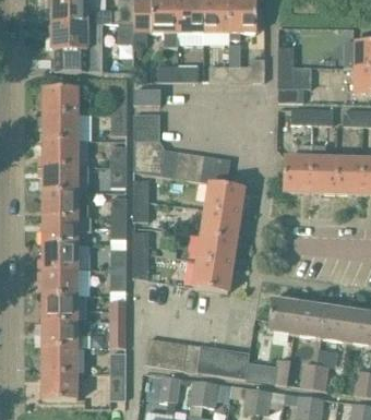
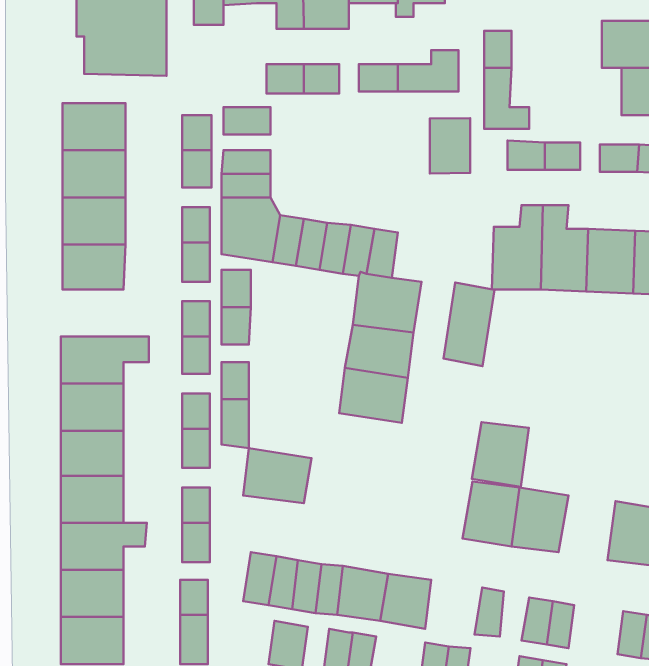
building: none -> [430,118,470,173]
building: none -> [443,283,494,366]
building: [43,191,88,217] -> none
building: [194,260,232,290] -> [243,448,312,503]
building: [320,305,351,341] -> [472,422,529,487]

